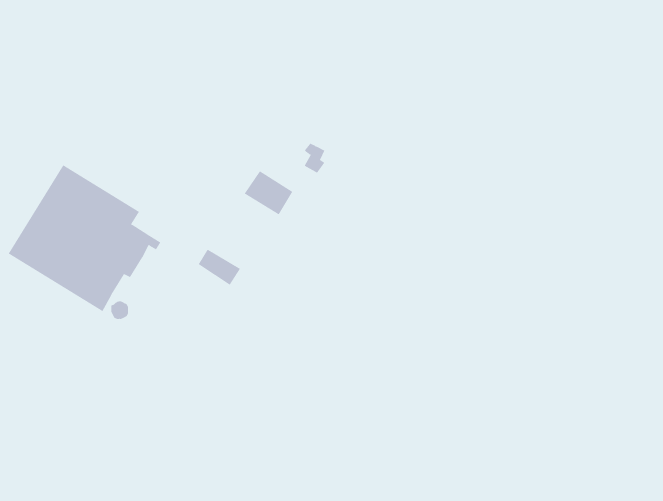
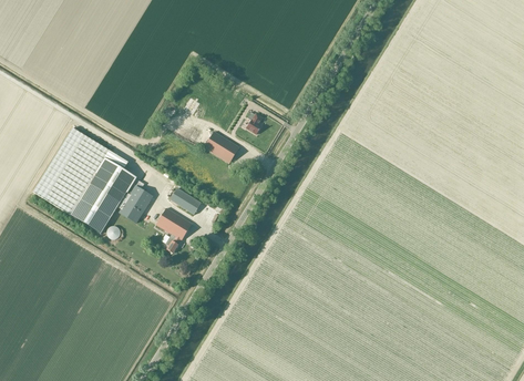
building: none -> [120,186,153,223]
building: none -> [156,208,192,254]

